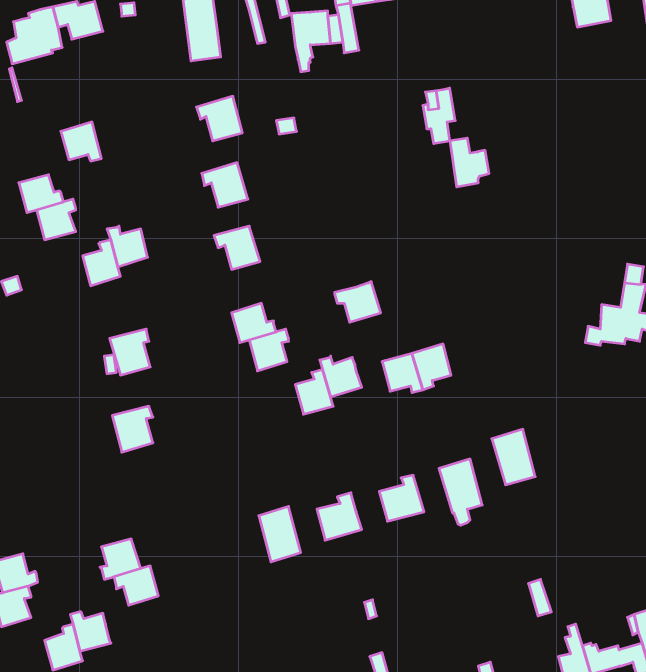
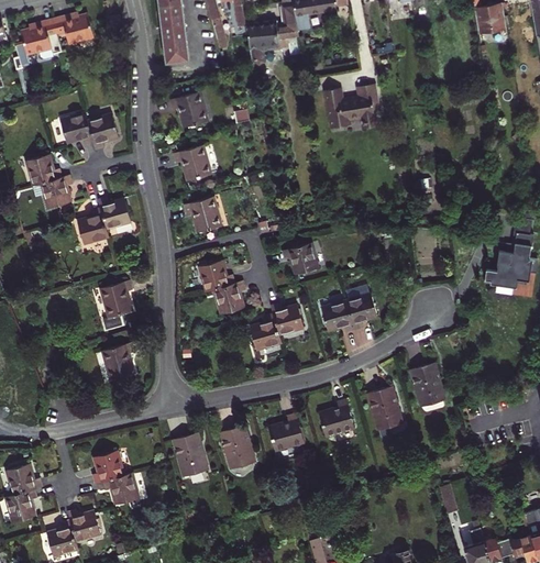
building: none -> [87,113,118,150]
building: [450,138,489,187] -> [324,89,356,129]
building: none -> [173,432,207,476]

